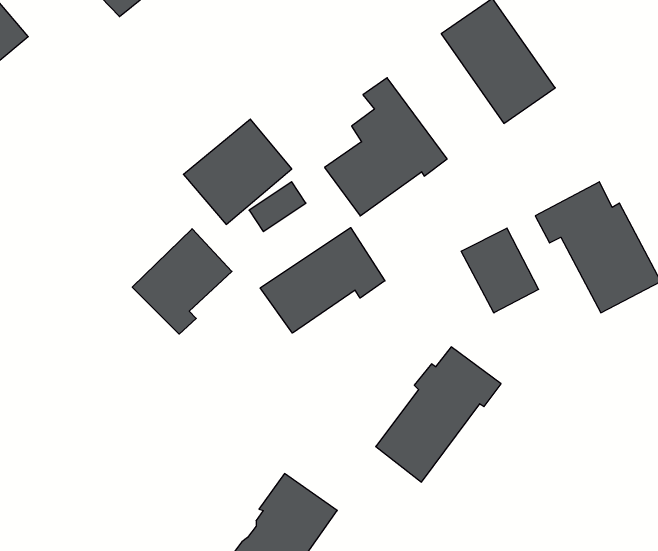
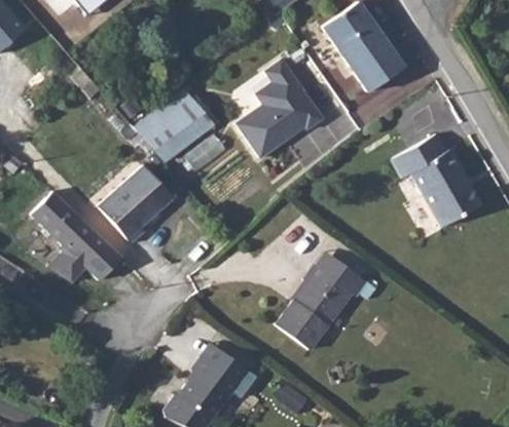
building: [260,228,385,333] -> none
building: [461,228,539,313] -> none
building: none -> [27,190,119,281]

